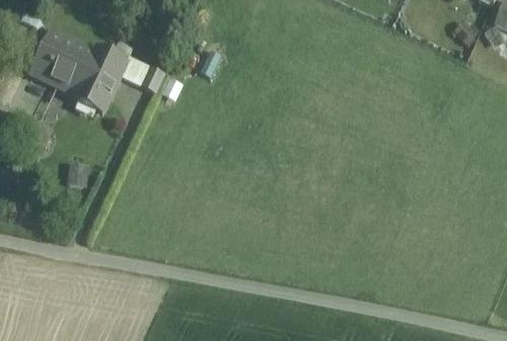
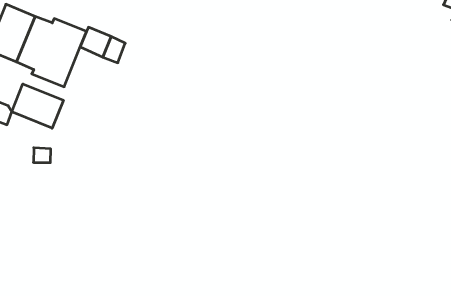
building: none -> [12,84,63,128]

